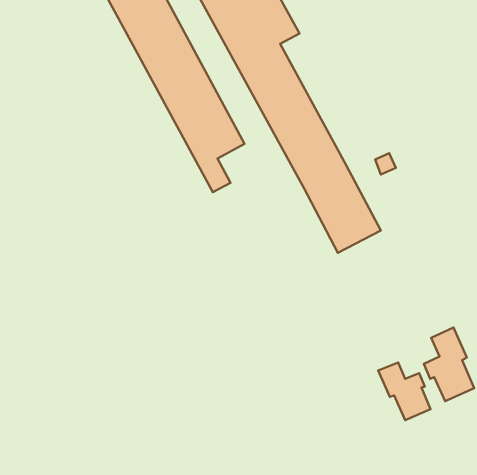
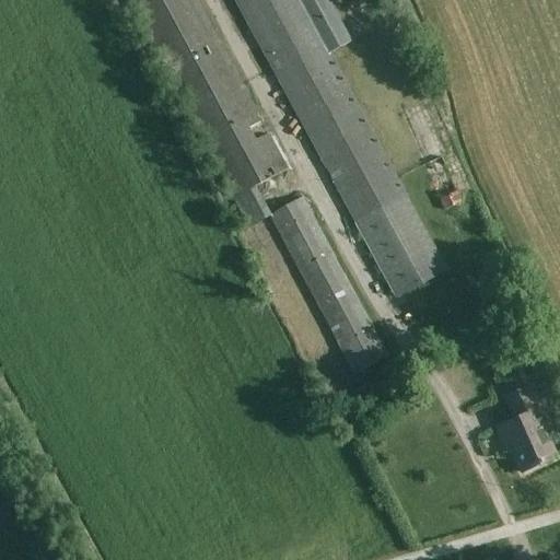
building: none -> [270,196,387,373]
building: [378,362,431,420] -> none

